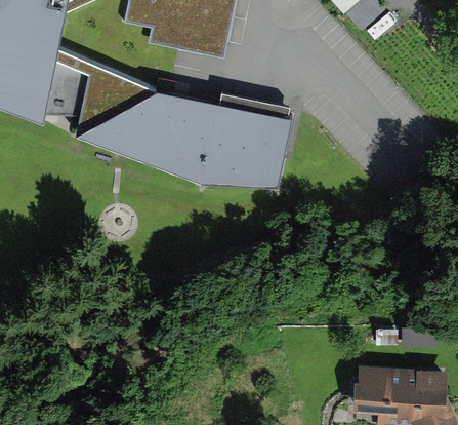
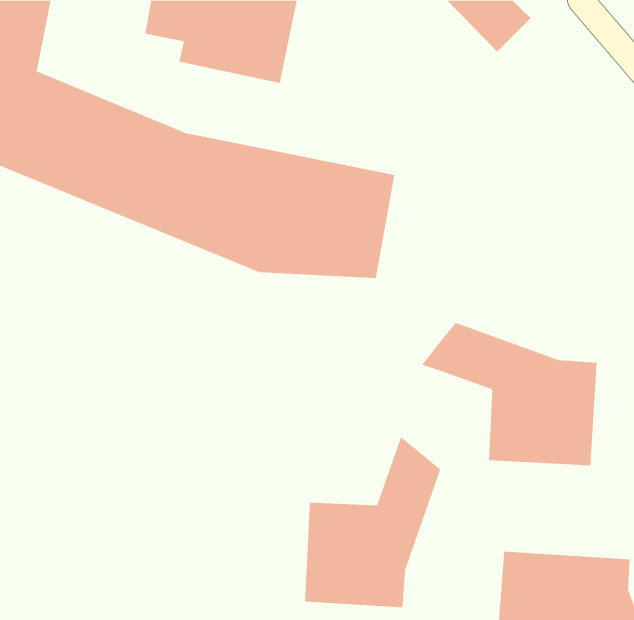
building: none -> [422,322,597,466]
building: none -> [304,436,441,608]

